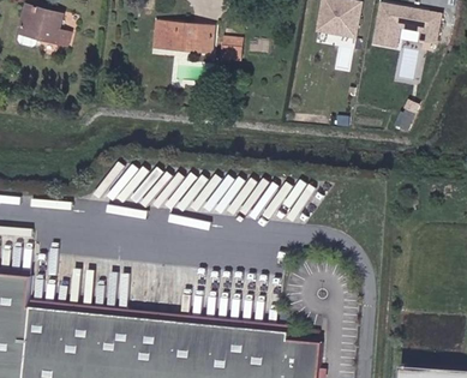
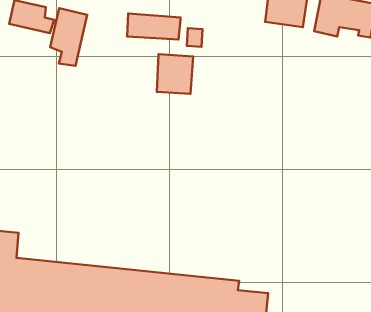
building: none -> [50,8,87,66]
building: none -> [157,54,193,94]

